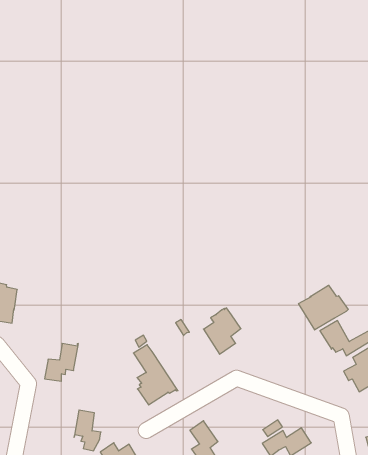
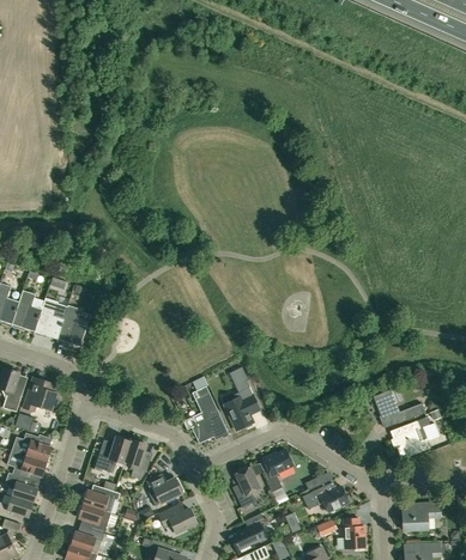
building: [299,285,348,330] -> none
building: [203,308,241,354] -> [224,388,260,431]
building: [45,343,78,381] -> [95,437,132,473]
building: none -> [262,450,293,492]

